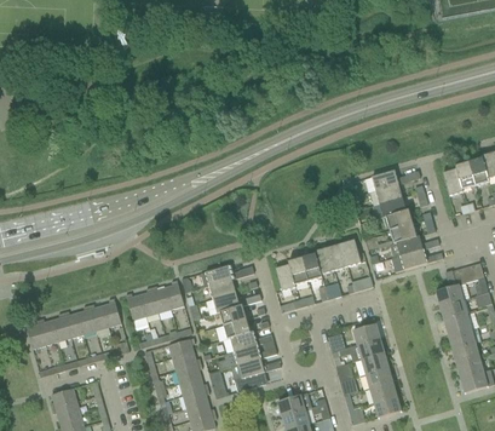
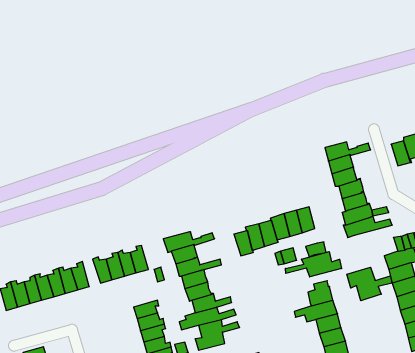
building: none -> [285,252,342,277]
building: none -> [347,267,392,301]

